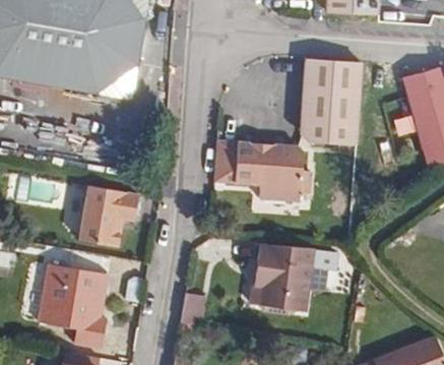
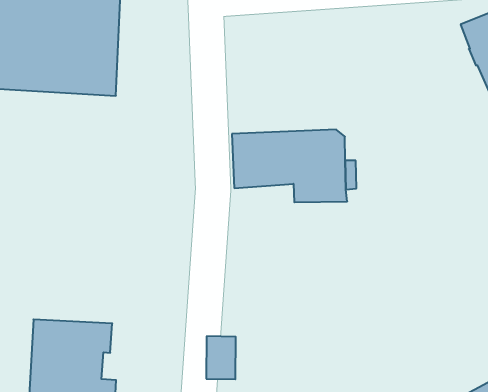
building: [302,58,361,143] -> none
building: [79,185,139,246] -> none
building: [255,248,313,312] -> none

